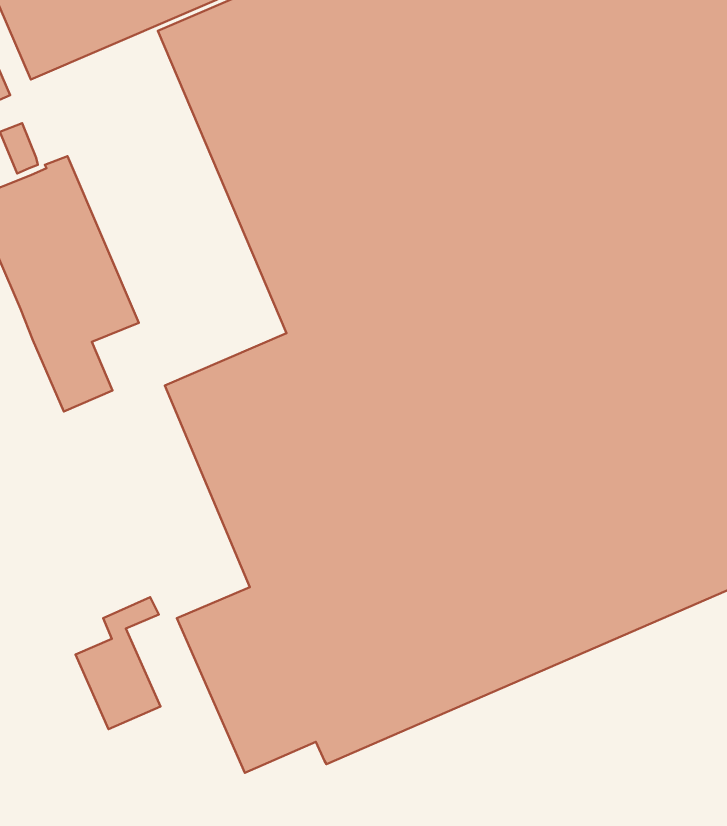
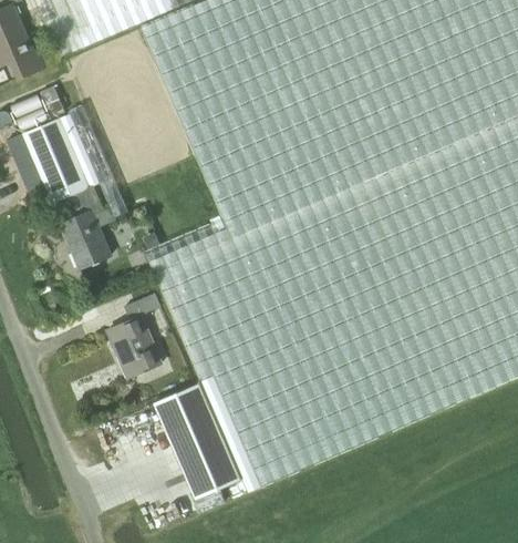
building: [75,597,161,729] -> [108,293,163,377]

